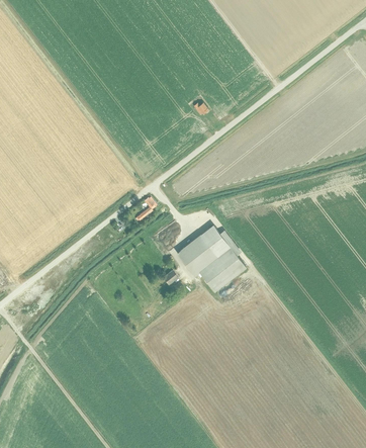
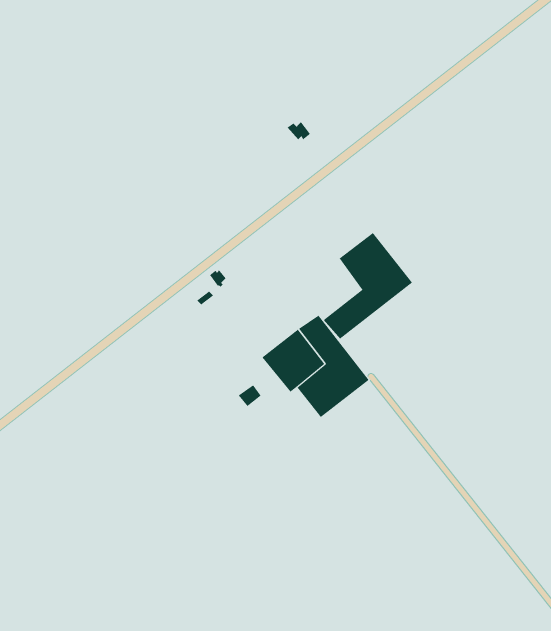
building: none -> [323,232,413,340]

